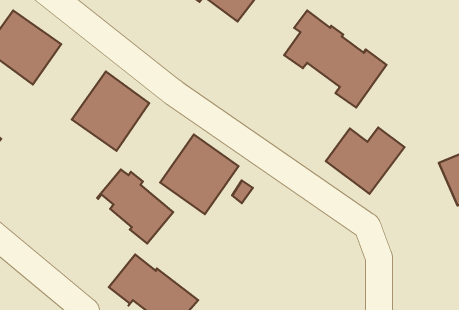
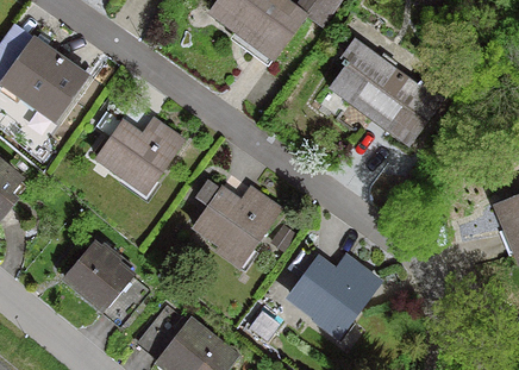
building: [326,128,404,194] -> [289,261,375,333]
building: [97,170,173,244] -> [64,246,148,327]

